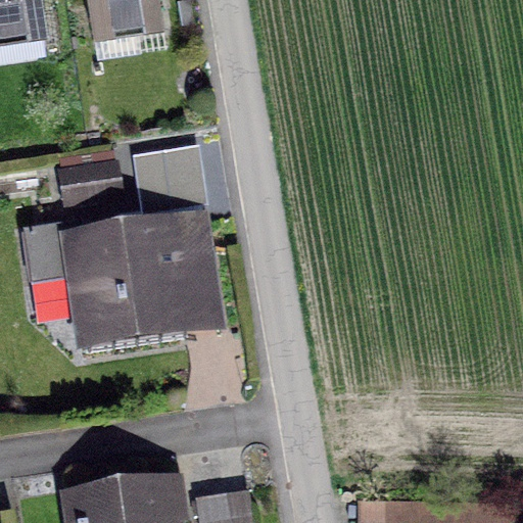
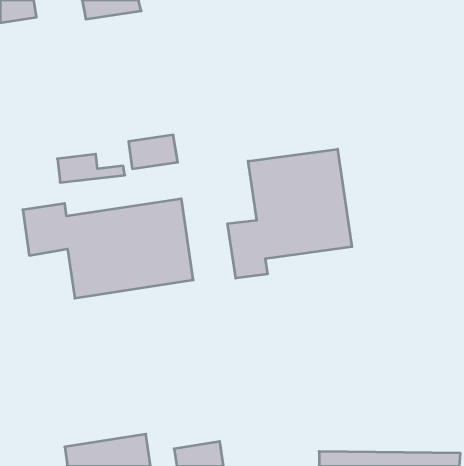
building: none -> [228,149,352,278]

